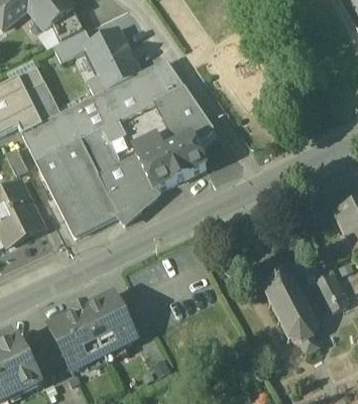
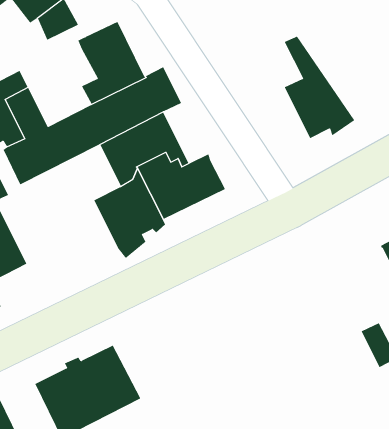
building: [53,29,90,61] -> none
building: [154,58,213,143] -> [284,36,355,139]
building: [36,128,119,235] -> none
building: [261,271,321,352] -> none

